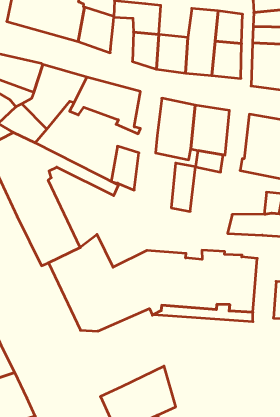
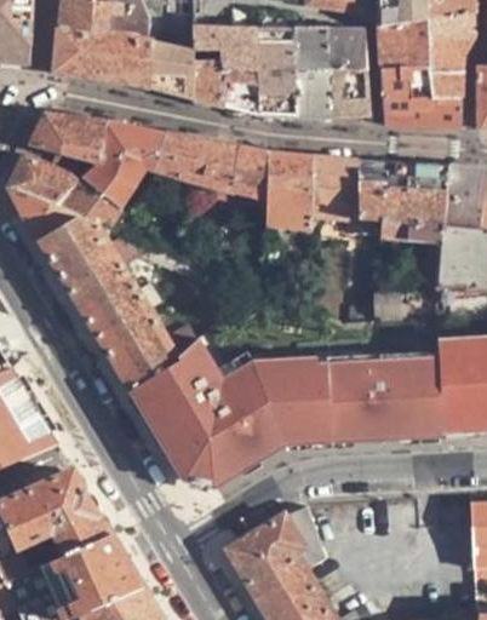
building: none -> [254,30,296,69]
building: none -> [194,59,224,108]
building: [111,146,139,190] -> [235,147,268,202]
building: [171,163,195,211] -> [359,160,385,222]
building: none -> [414,351,442,435]
building: none -> [131,384,283,478]

